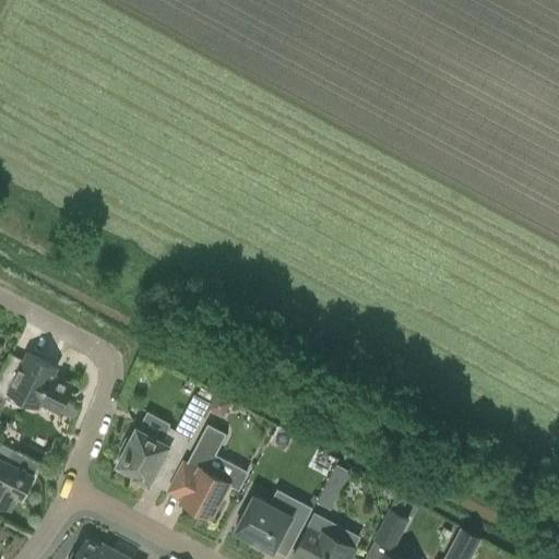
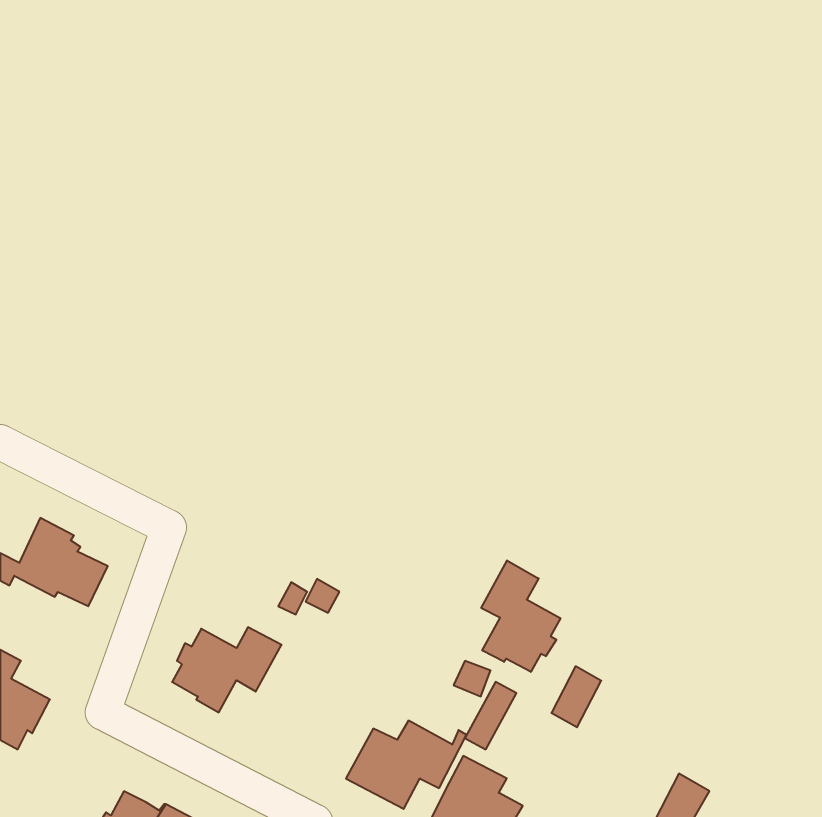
building: none -> [481,560,560,672]
building: [168,426,247,520] -> none
building: [374,510,408,551] -> [551,666,601,727]

